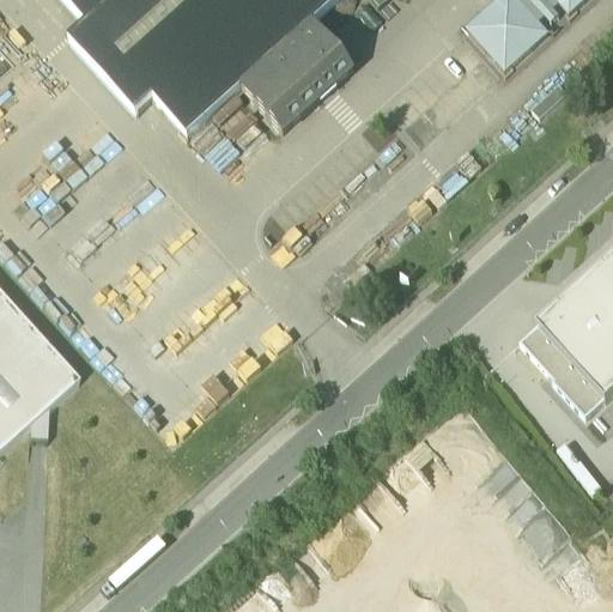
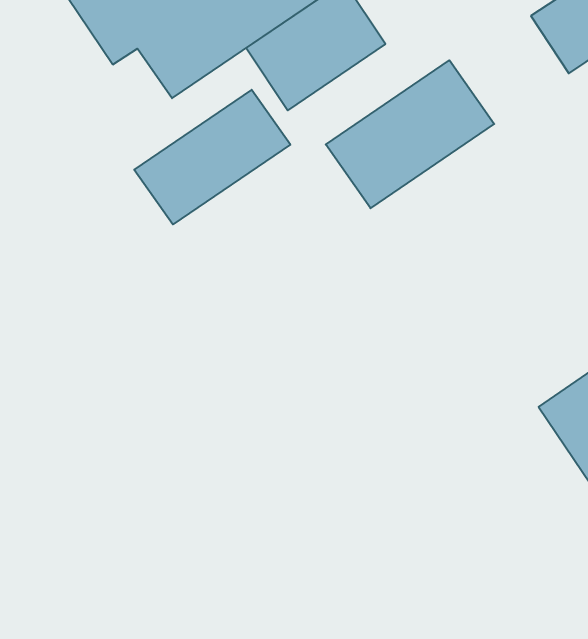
building: none -> [326,60,494,208]
building: none -> [134,90,290,224]

